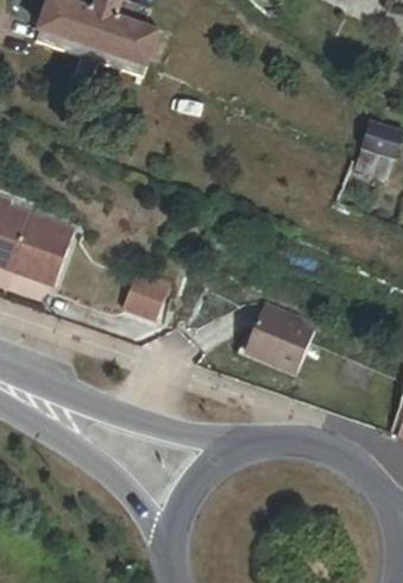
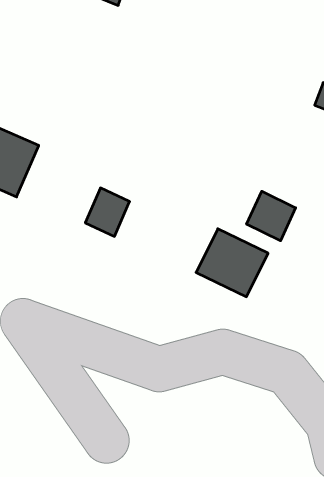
building: none -> [247,191,296,241]

